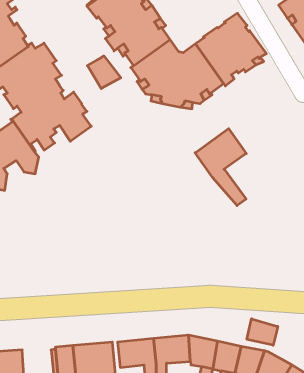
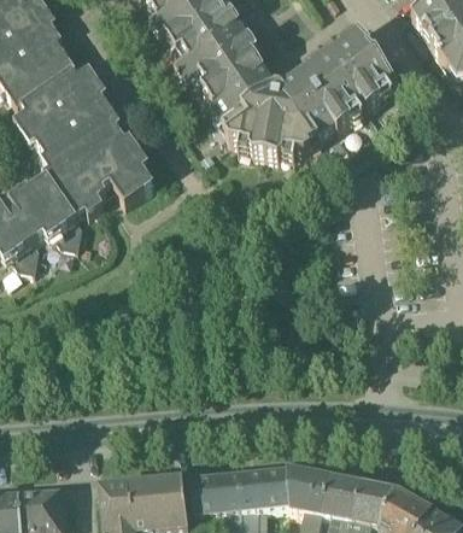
building: [87,56,121,89] -> none
building: [195,129,246,206] -> none
building: [247,319,278,345] -> none

